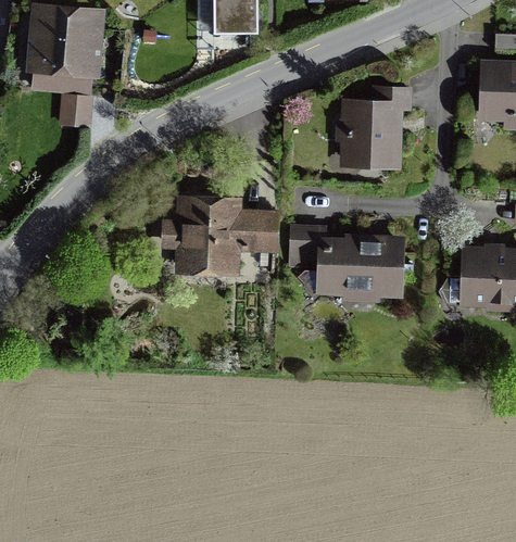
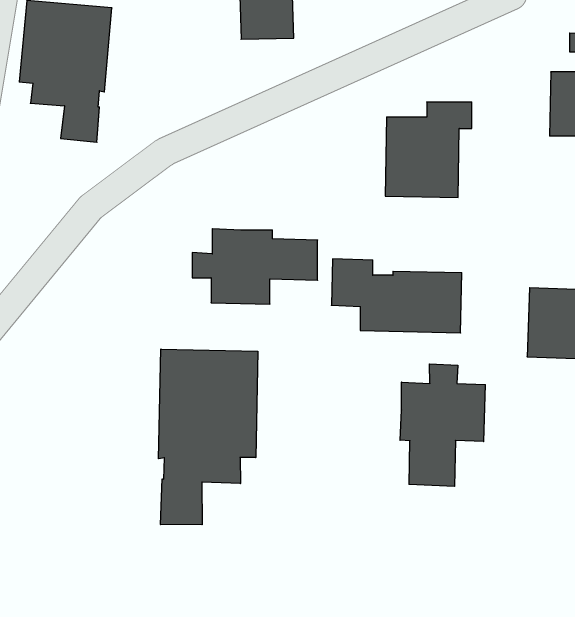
building: none -> [159,349,258,525]
building: none -> [400,364,485,486]

